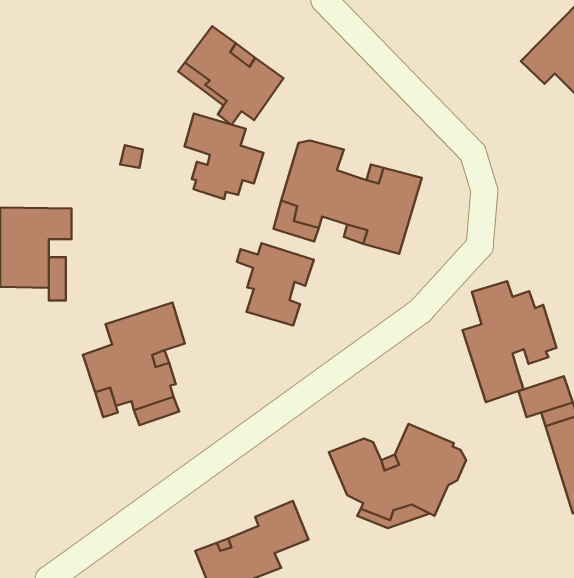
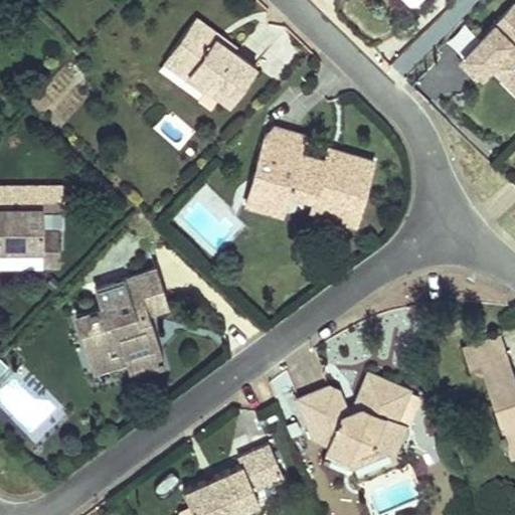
building: [184,113,263,199] -> none
building: [237,243,314,326] -> none
building: [462,281,556,402] -> none

